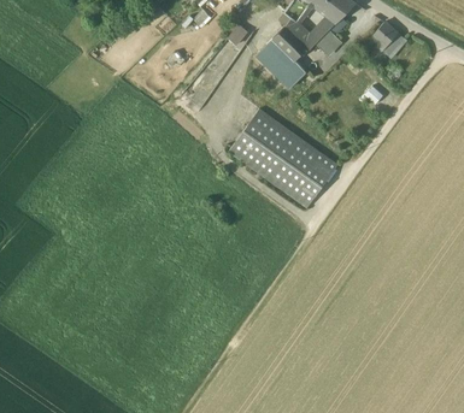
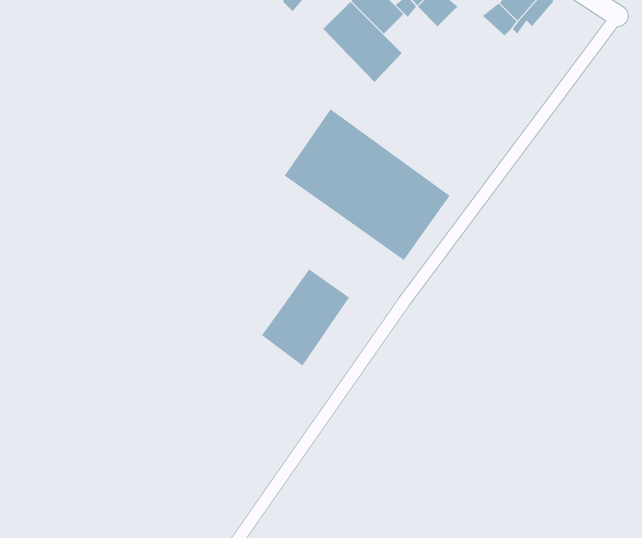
building: none -> [261,268,350,367]

